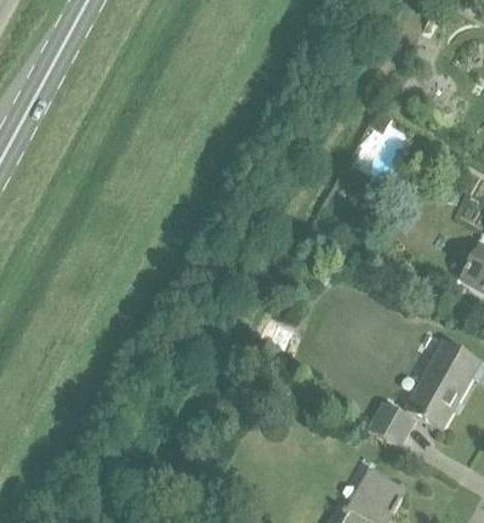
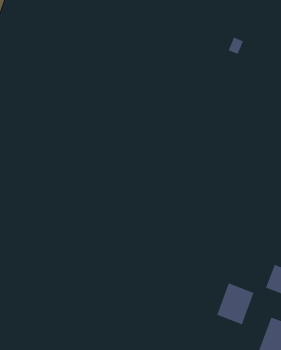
building: none -> [216,282,254,325]

